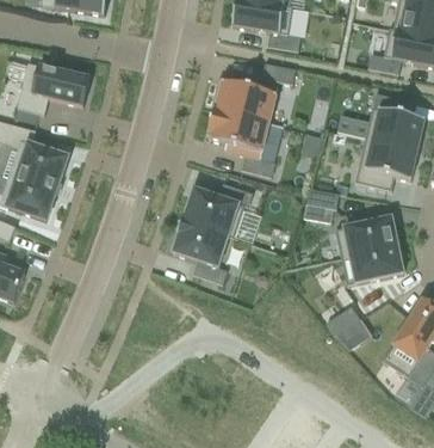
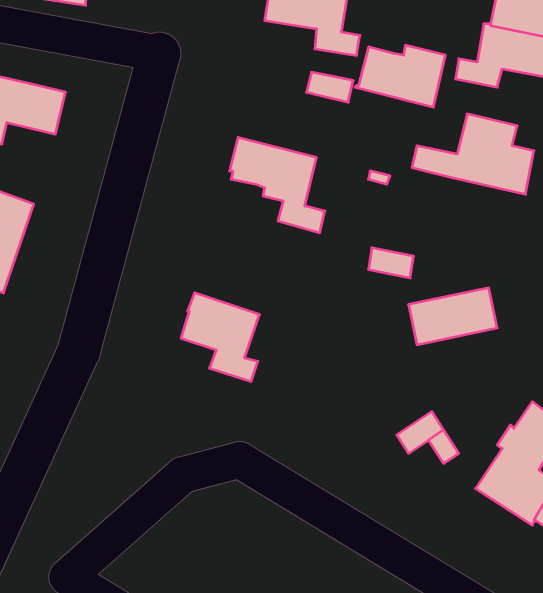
building: [213,79,278,123] -> [355,45,445,107]
building: [355,137,417,190] -> none
building: [182,183,253,238] -> none
building: [341,245,403,284] -> none

